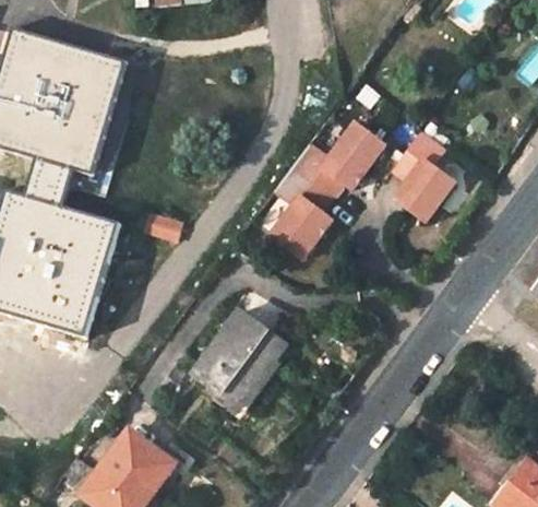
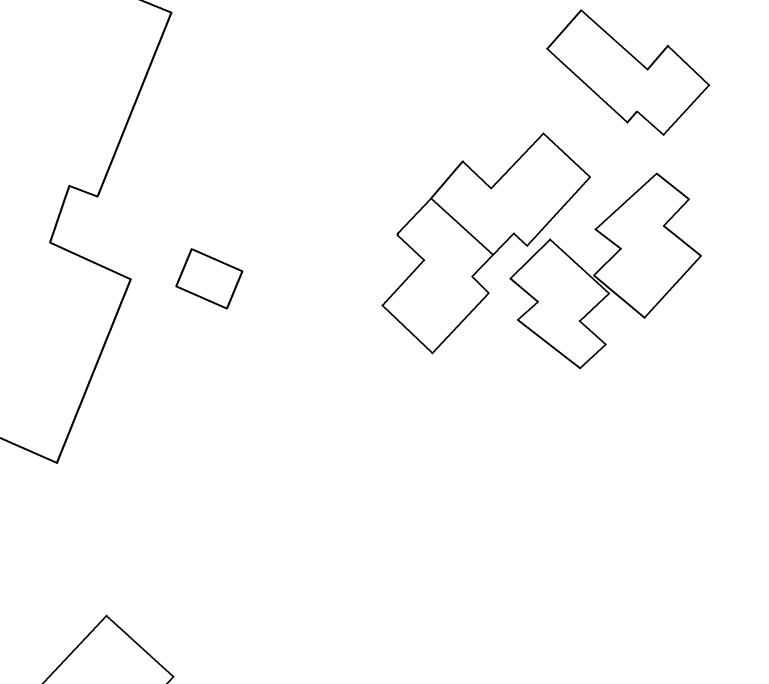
building: none -> [547,10,709,135]
building: none -> [510,239,609,368]
building: [191,307,283,403] -> none

